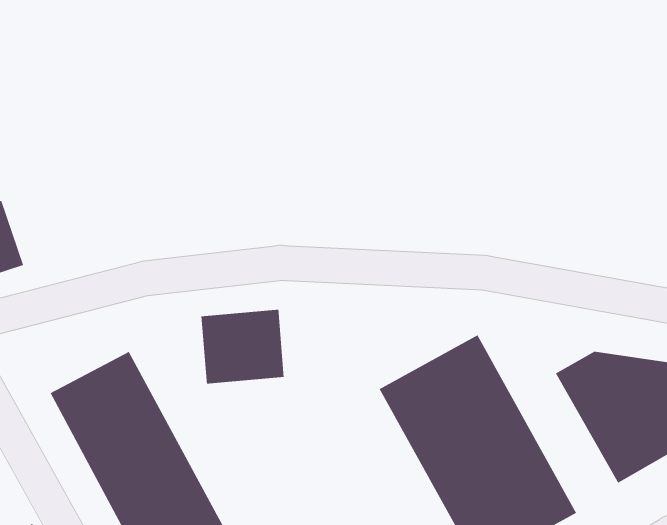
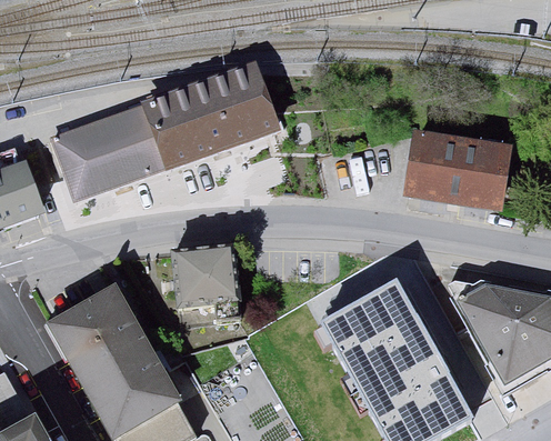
building: none -> [49,66,271,200]
building: none -> [408,133,518,214]

